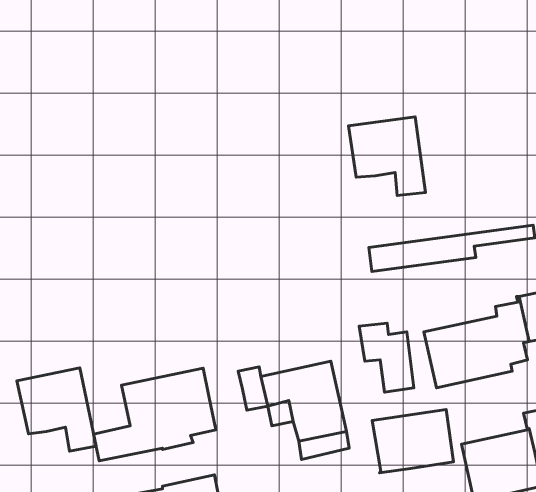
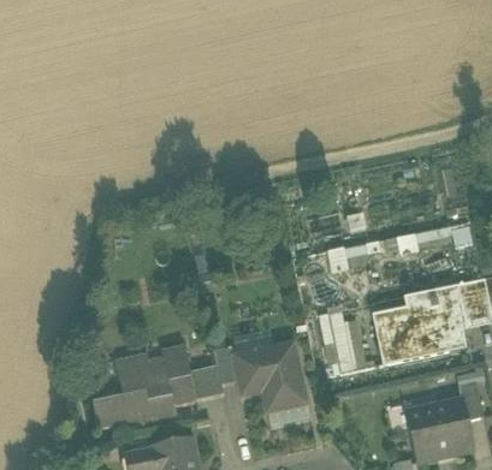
building: [348,117,425,196] -> none
building: [17,368,96,451] -> none
building: none -> [189,364,224,399]
building: [372,410,453,473] -> none

